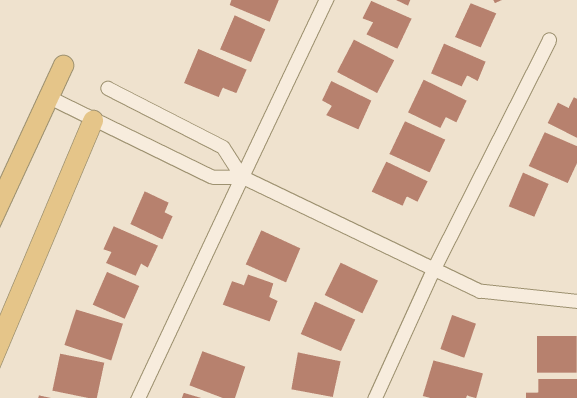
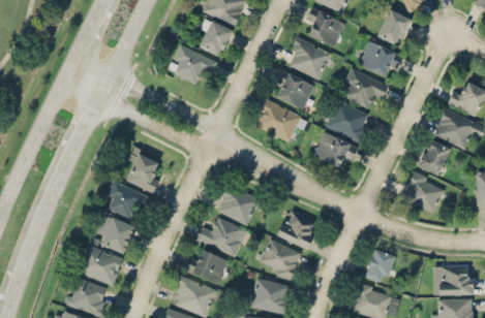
building: none -> [253,99,307,141]
building: none -> [402,171,445,212]
building: none -> [185,250,228,282]

